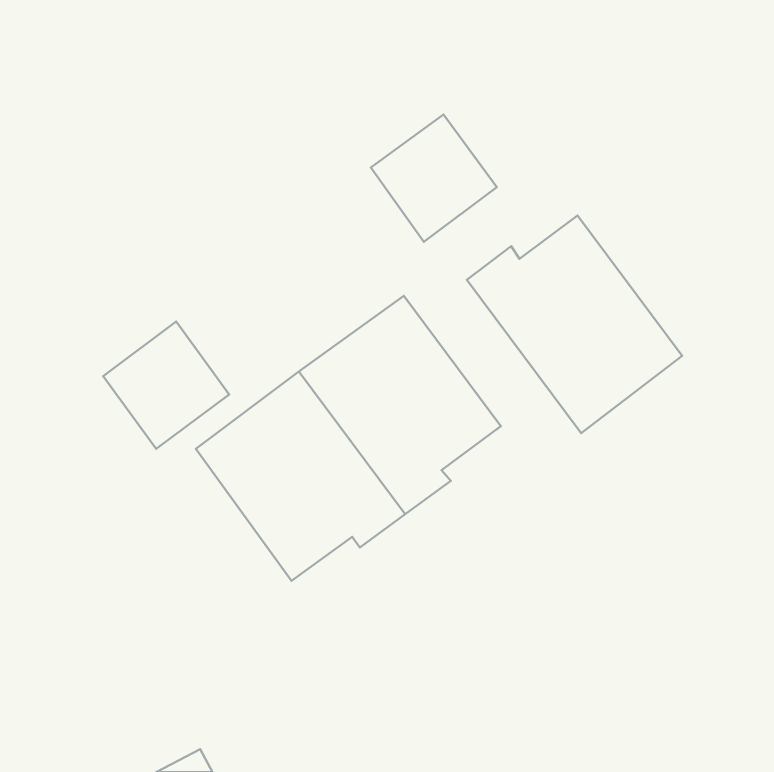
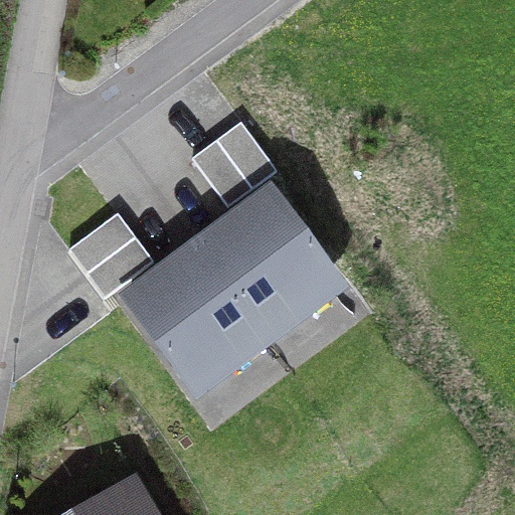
building: [371,114,497,242] -> [193,123,277,207]
building: [467,216,682,433] -> none

